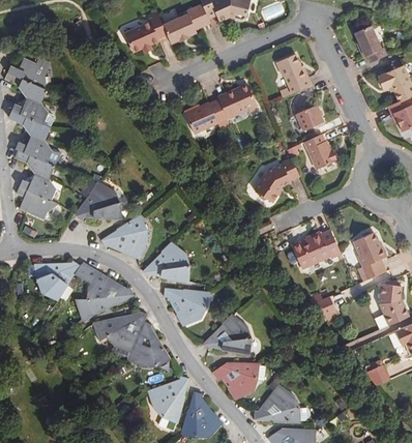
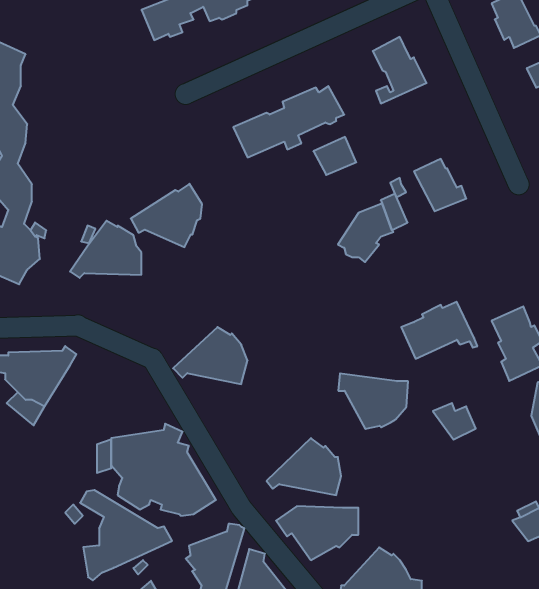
building: [293,107,321,131] -> [313,137,356,175]
building: [105,211,151,253] -> [131,184,202,247]
building: [77,262,137,321] -> [80,490,172,580]
building: [164,286,209,322] -> [338,373,408,429]

